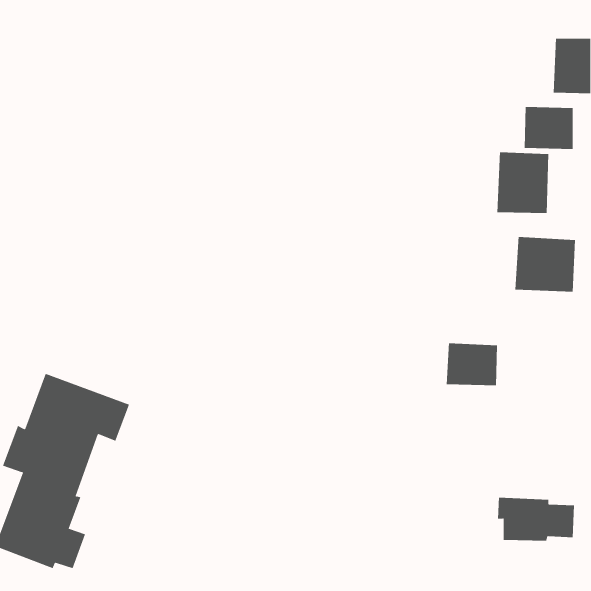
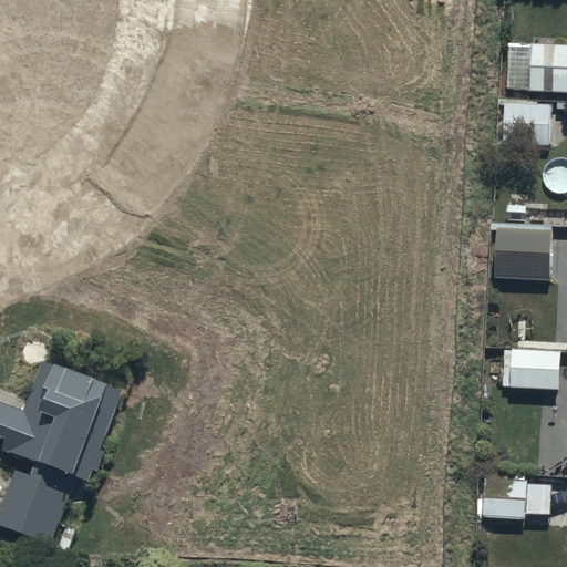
building: [497,151,549,214] -> none
building: [446,343,498,386] -> [508,348,558,389]

